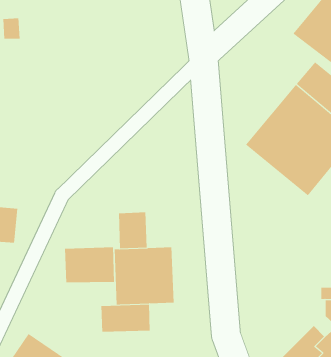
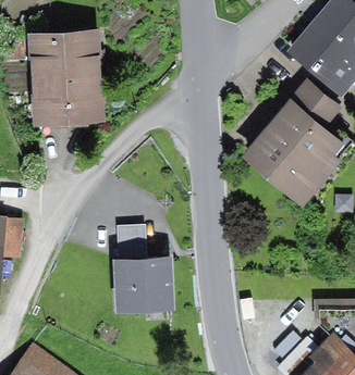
building: none -> [27,29,105,126]
building: [64,246,114,283] -> none
building: [101,304,150,332] -> none

